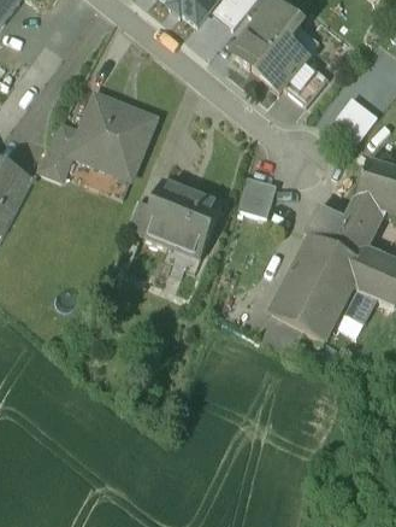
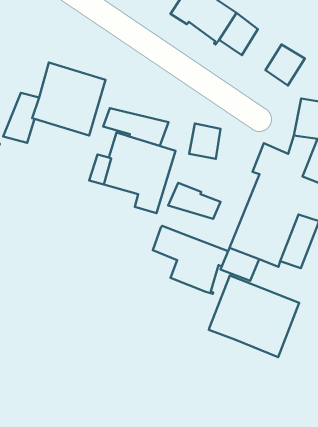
building: none -> [103,108,169,146]
building: none -> [168,183,221,219]
building: none -> [153,226,228,294]
building: none -> [209,276,299,357]

